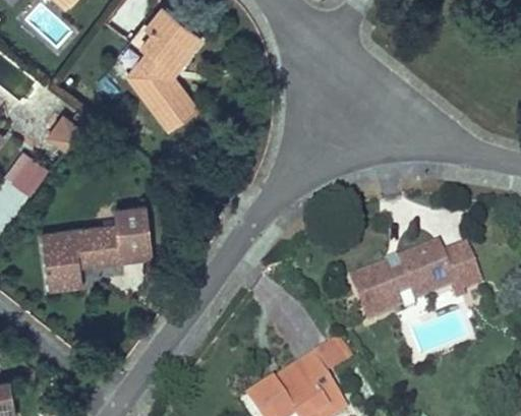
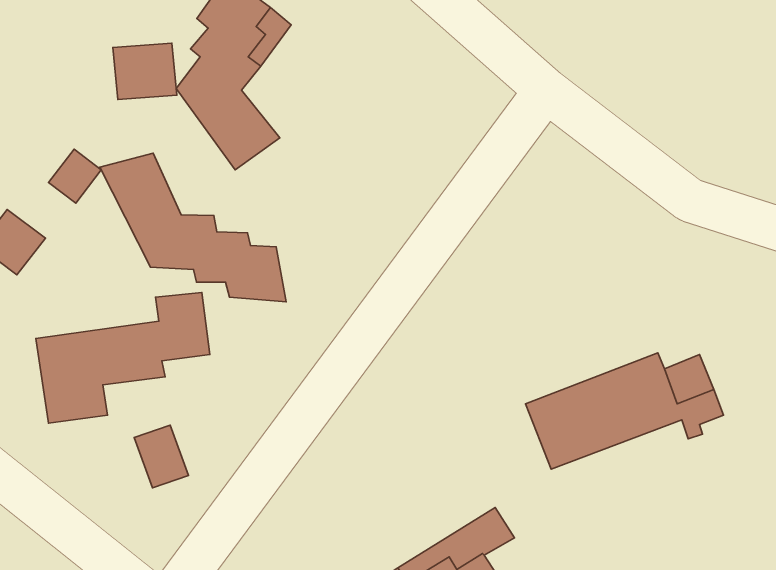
building: none -> [113,43,177,99]
building: none -> [100,153,286,302]
building: none -> [134,425,188,488]

